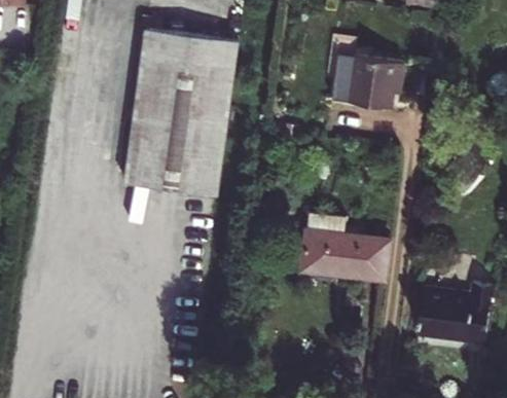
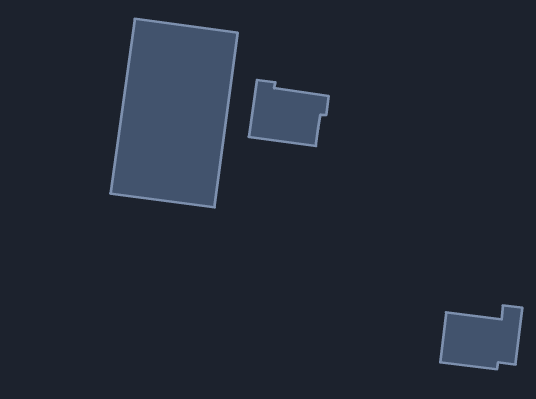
building: [331,49,402,108] -> [249,80,329,146]
building: [301,214,390,281] -> none

